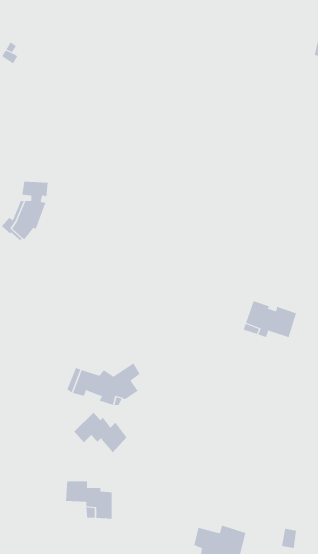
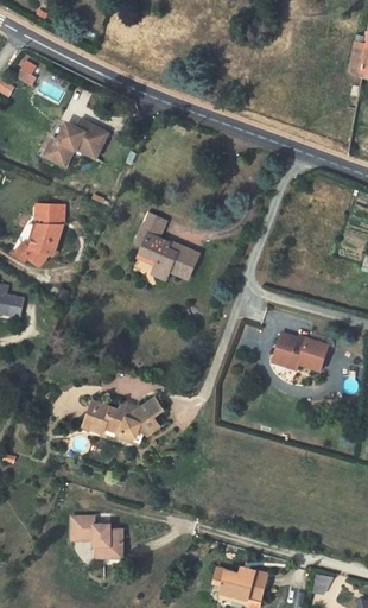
building: none -> [40,115,107,163]
building: none -> [134,213,195,279]
building: [74,412,127,453] -> none

